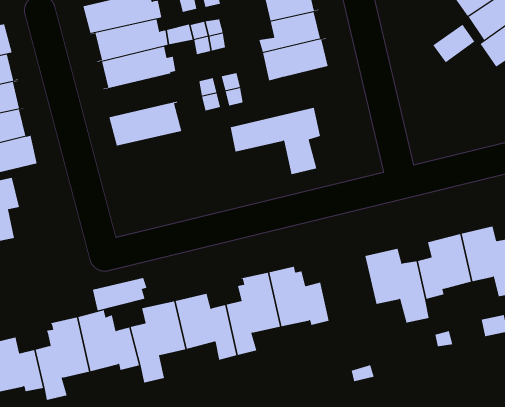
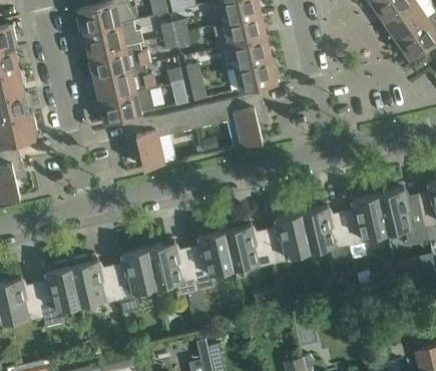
building: [429,24,475,66] -> none
building: none -> [235,58,281,91]
building: none -> [90,65,155,100]
building: none -> [123,108,196,168]
building: none -> [266,212,310,264]
building: [88,277,147,312] -> none

